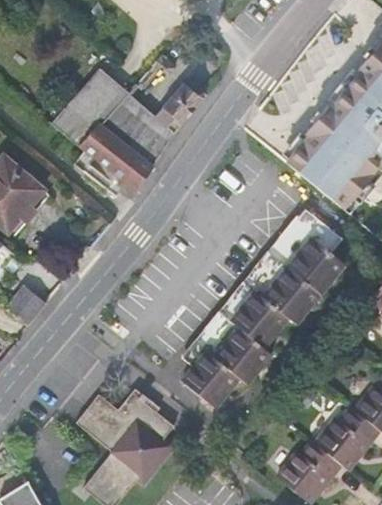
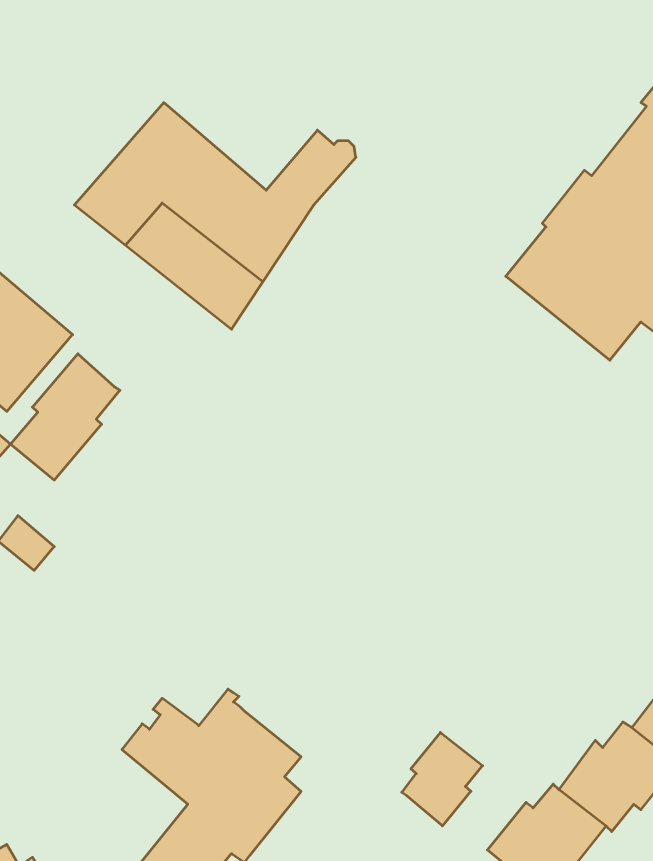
building: none -> [10,354,120,480]
building: [182,208,345,407] -> none
building: none -> [402,732,483,826]

